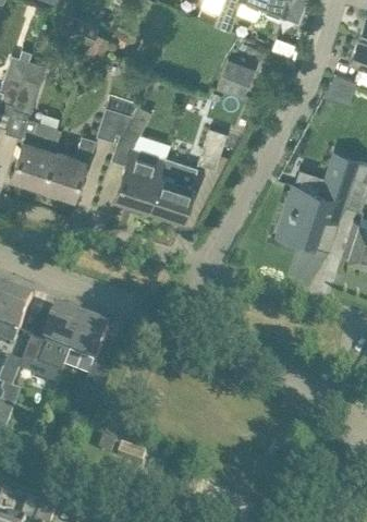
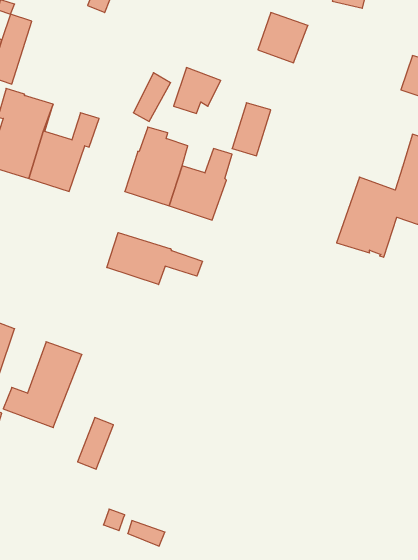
building: [96,105,132,139] -> [174,68,221,113]
building: none -> [107,233,202,285]
building: [70,318,109,363] -> none

